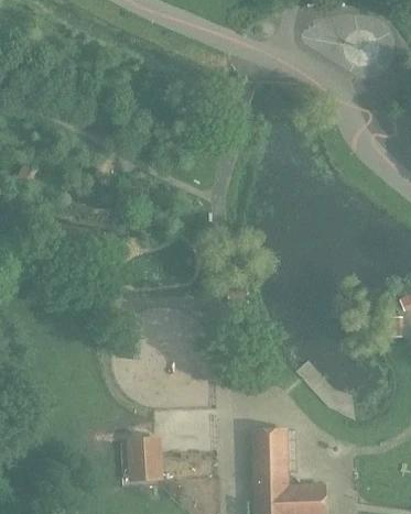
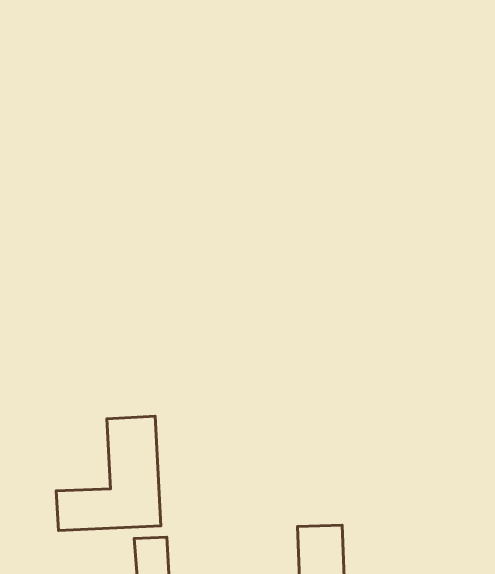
building: none -> [56,416,161,531]

